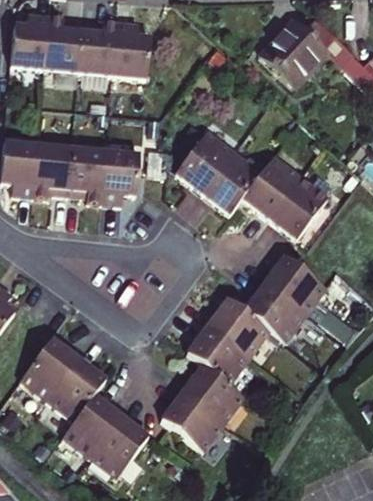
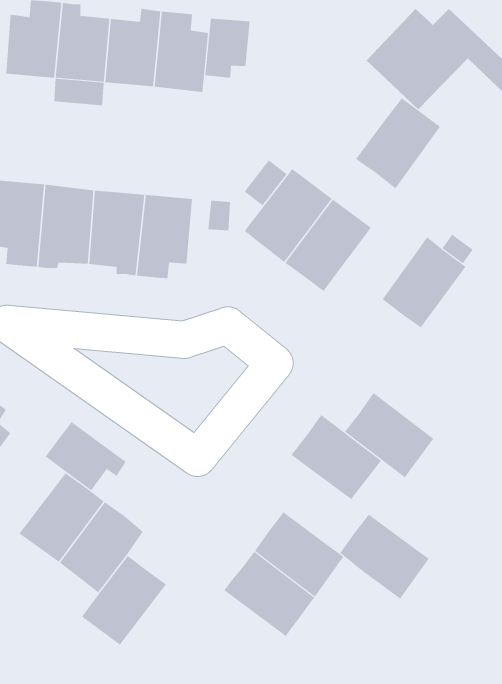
building: none -> [205,18,250,79]
building: [242,156,301,219] -> [355,98,441,189]
building: [264,256,327,315] -> none
building: none -> [45,421,127,491]
building: [187,326,249,385] -> [339,514,430,600]
building: [90,415,149,477] -> none

